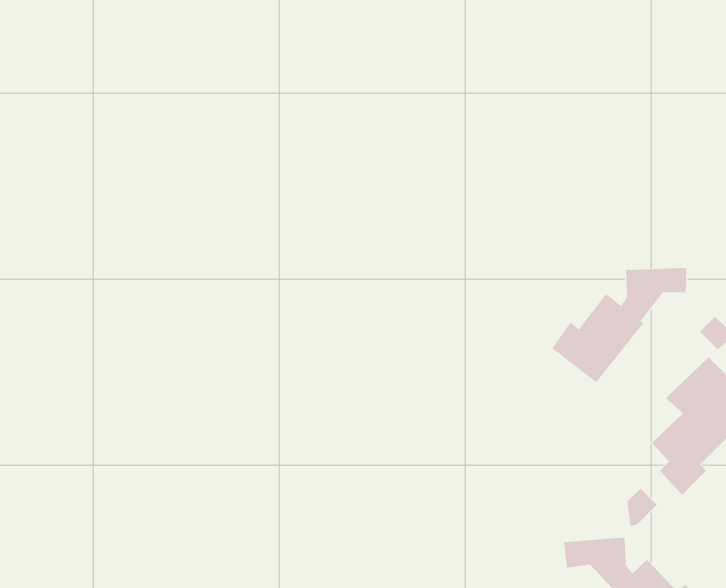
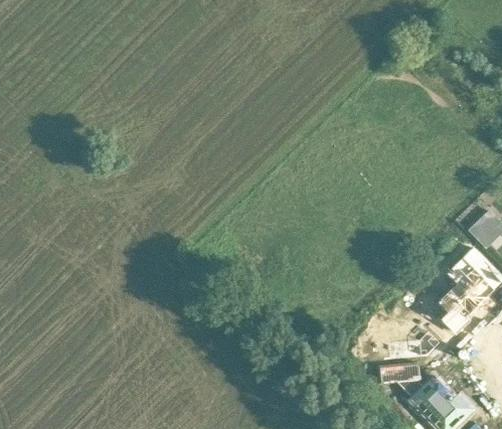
building: [551,267,687,383] -> none

